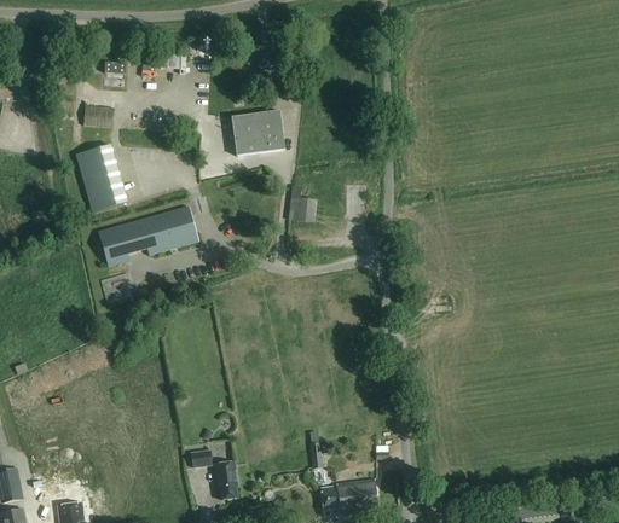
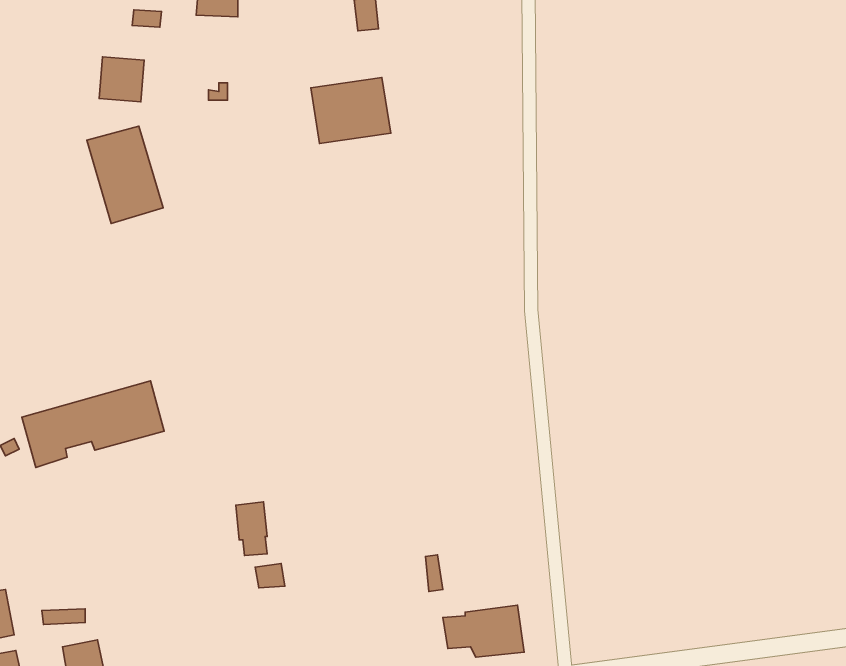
building: [288,197,316,222] -> none
building: [99,207,198,267] -> [22,381,164,468]
building: [215,460,237,498] -> [236,502,267,556]

